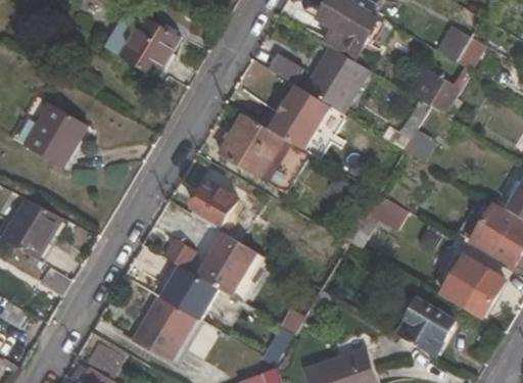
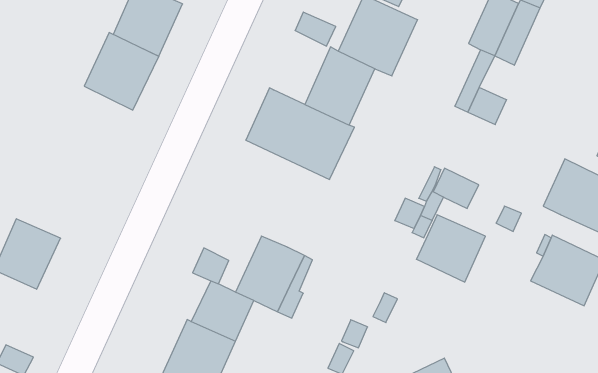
building: [23,102,87,167] -> [84,33,159,110]
building: [183,175,240,227] -> none
building: [395,299,454,356] -> [416,215,485,282]

